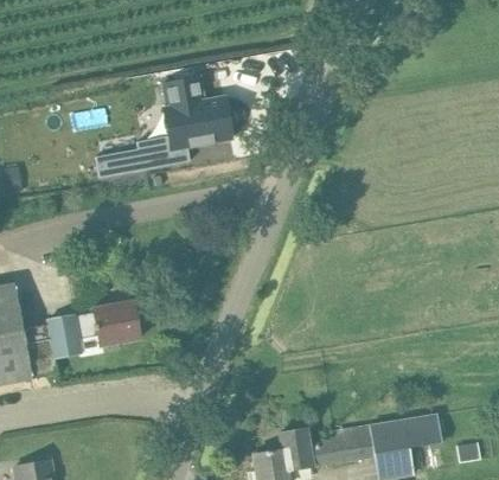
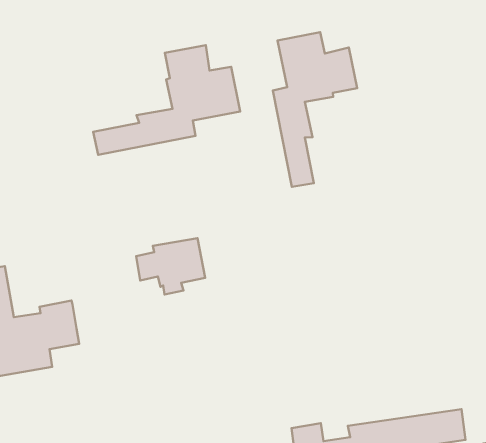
building: none -> [273,32,357,187]
building: [77,300,141,352] -> [136,238,205,294]

